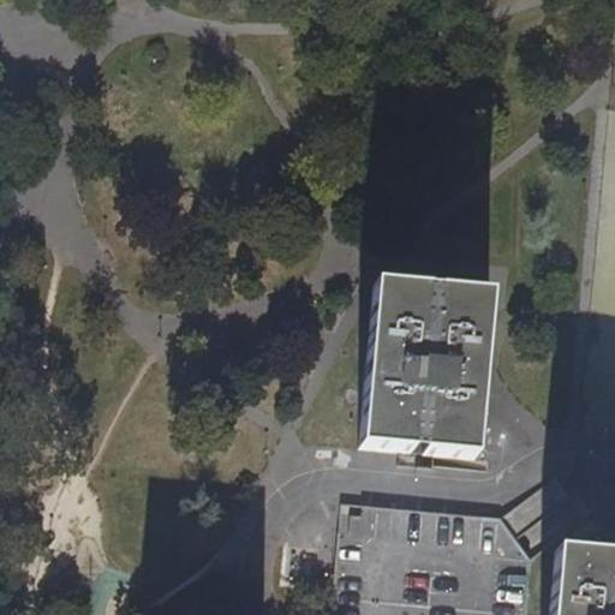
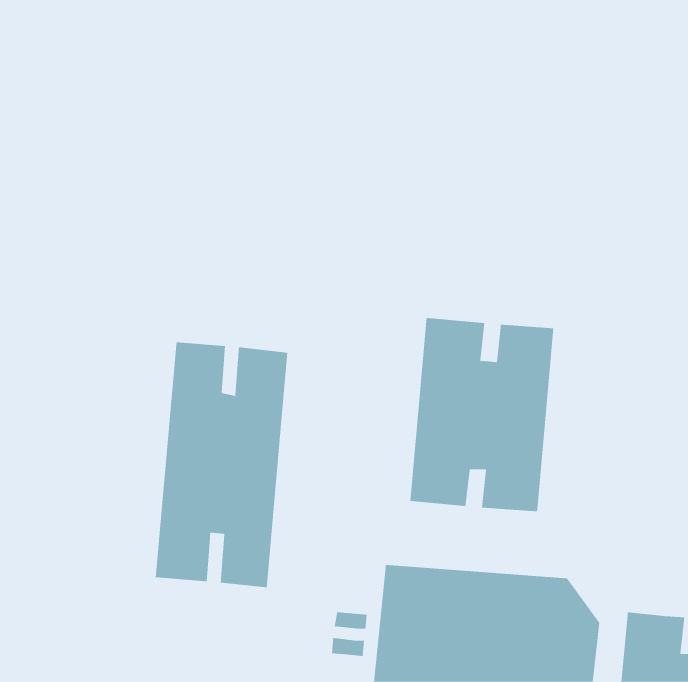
building: none -> [155,342,288,588]

